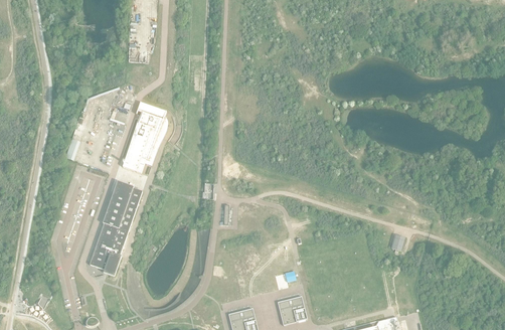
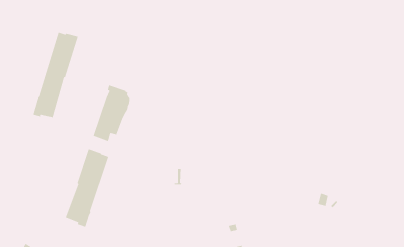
building: none -> [32,32,79,118]

